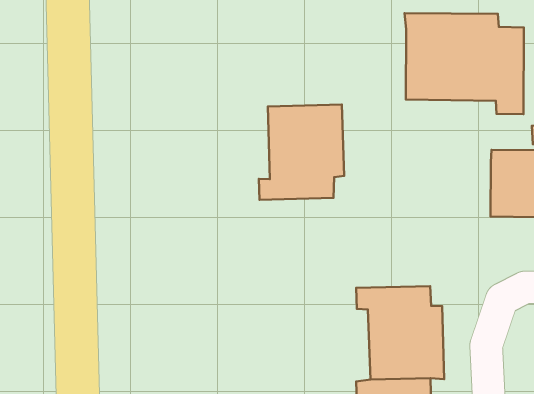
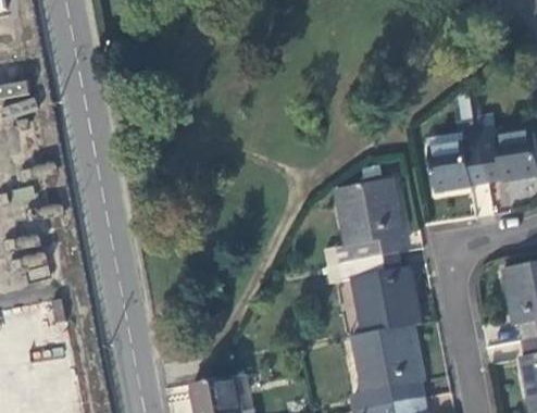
building: [405,13,524,114] -> none
building: [259,105,344,200] -> [335,179,403,264]

